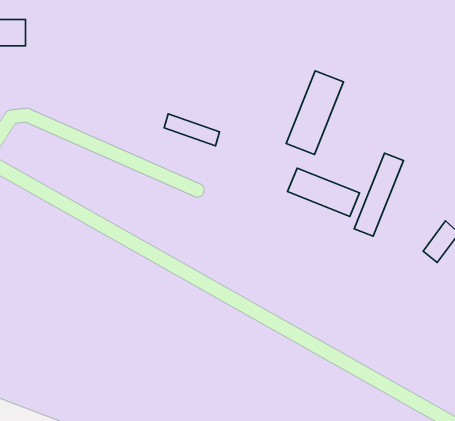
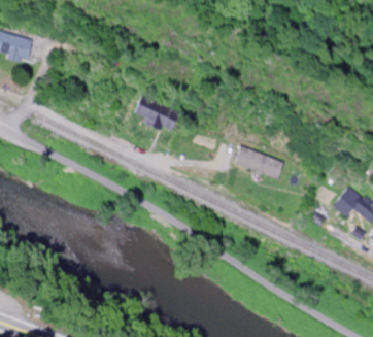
building: [286,71,343,155] -> none
building: [354,153,404,236] -> none

